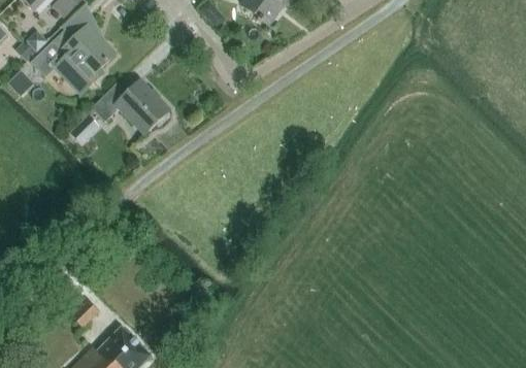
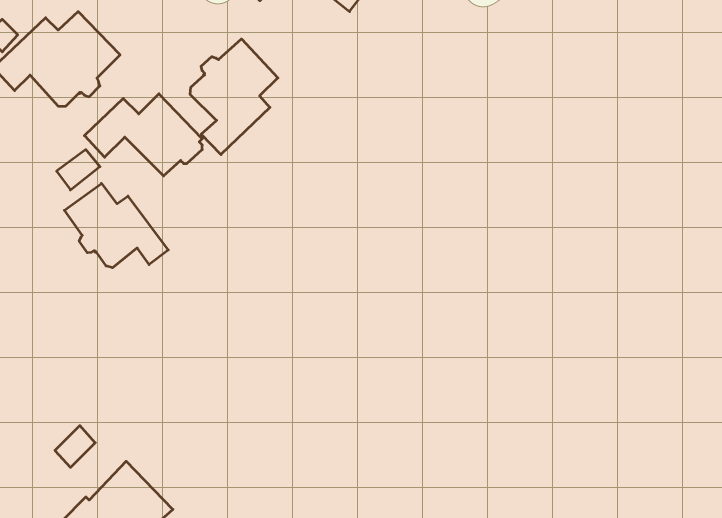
building: none -> [190,39,278,155]
building: none -> [64,183,168,268]

